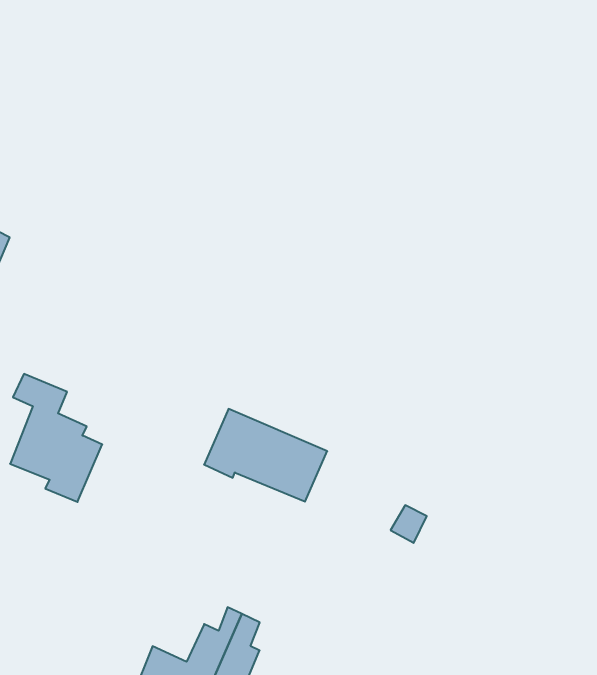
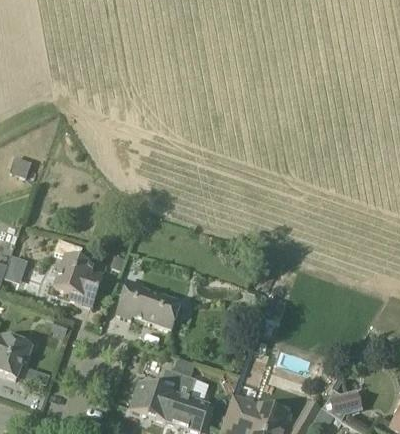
building: [204,409,327,502] -> [116,282,182,329]

